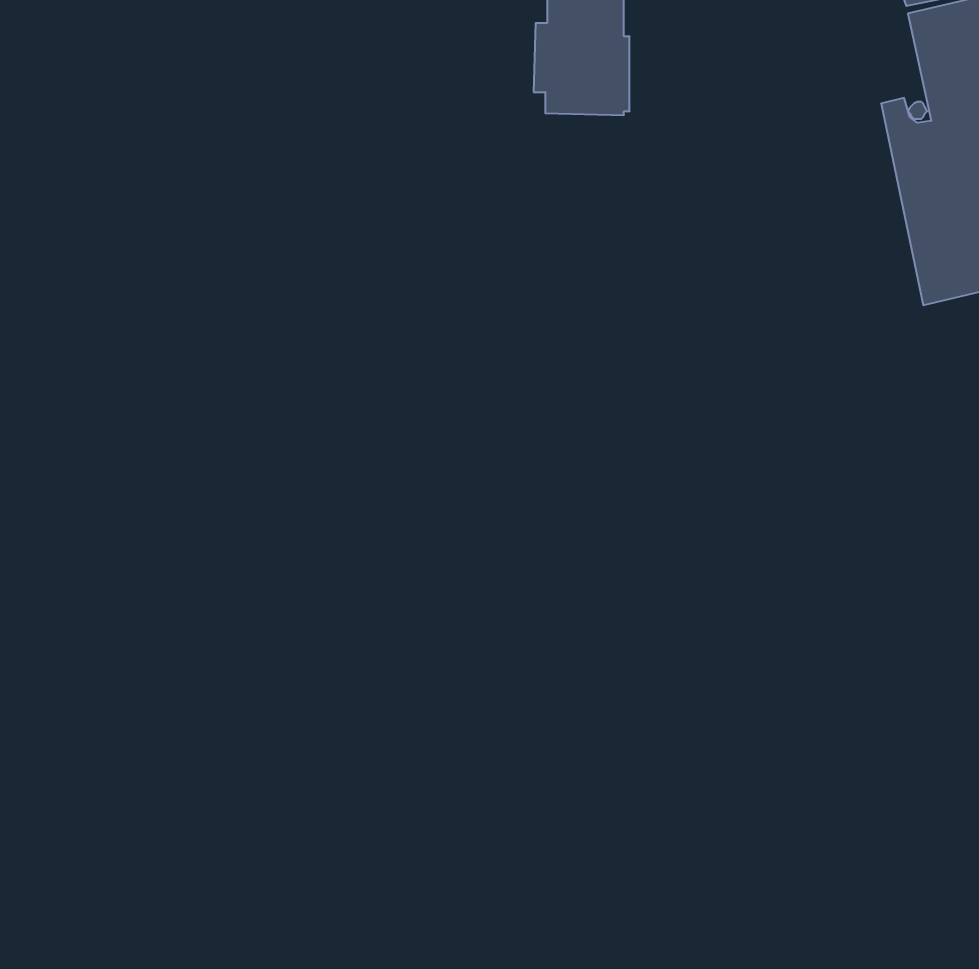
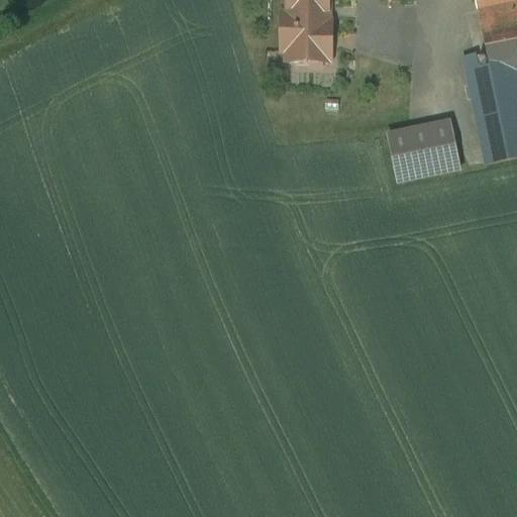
building: none -> [389,119,461,179]

